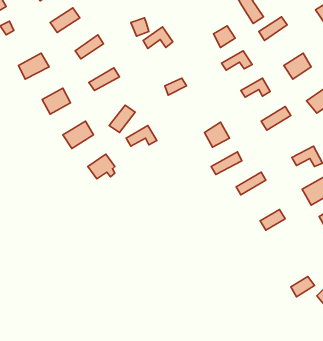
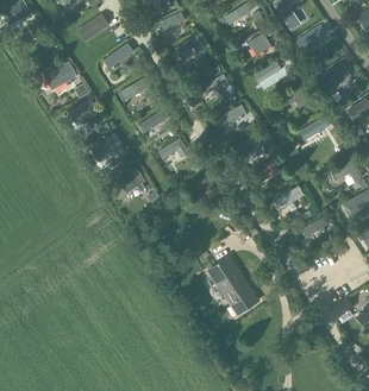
building: none -> [208,256,258,314]

